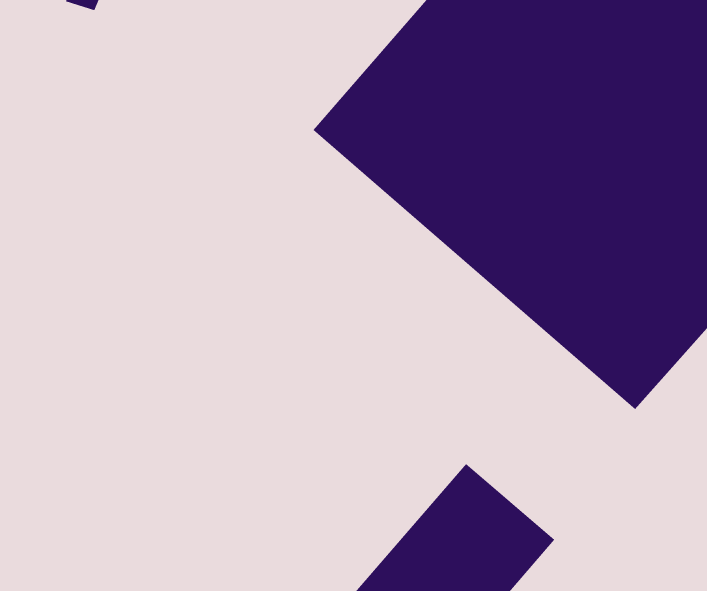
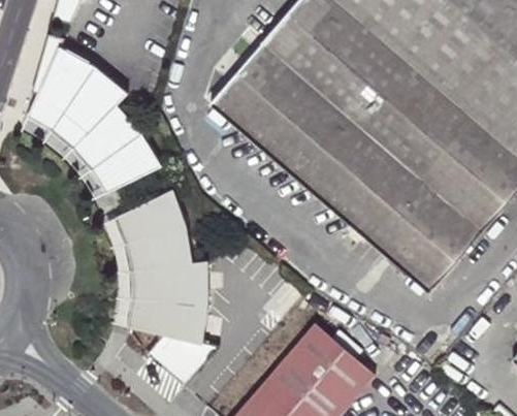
building: none -> [27,34,163,193]
building: none -> [118,192,217,385]

